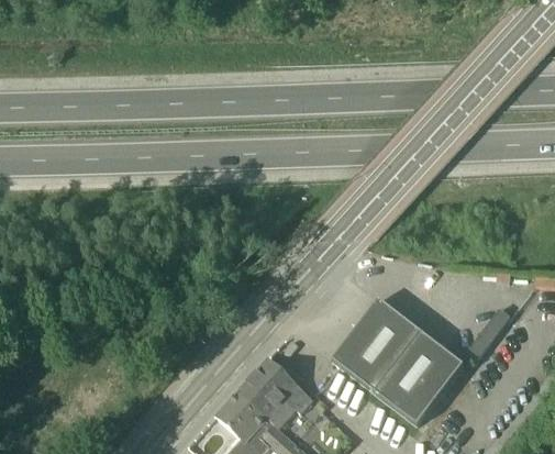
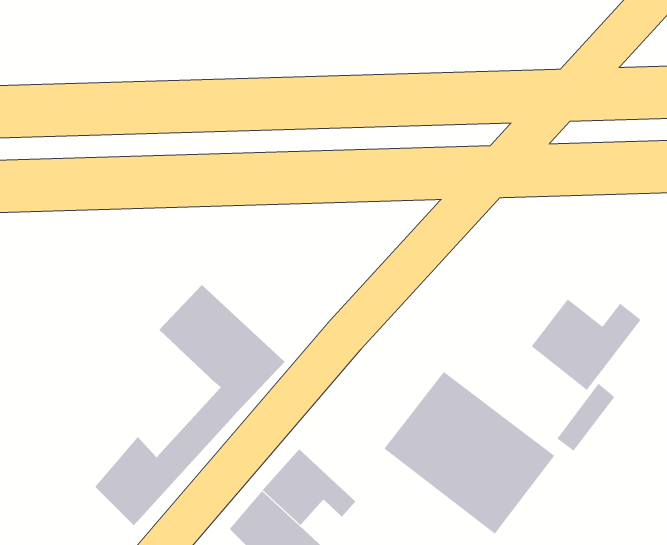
building: none -> [94,284,285,526]
building: none -> [531,298,642,391]

